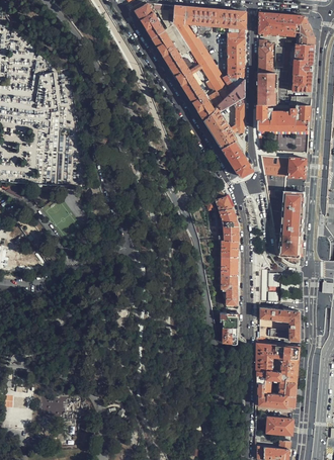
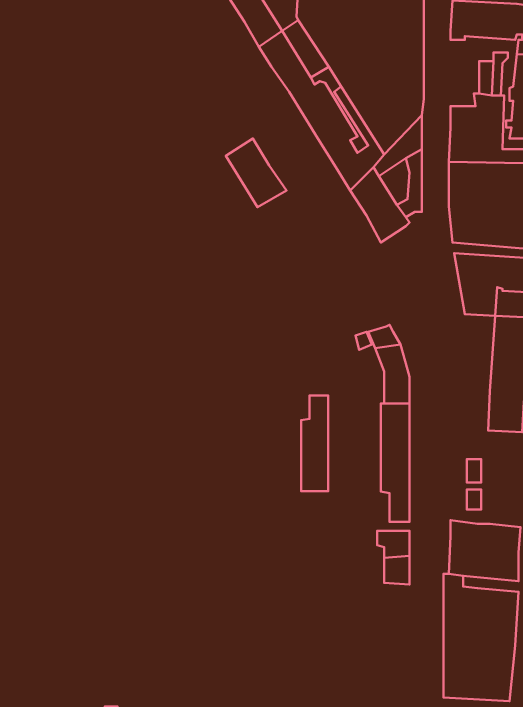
building: [260,39,274,73] -> none
building: none -> [226,139,286,207]
building: [221,141,252,177] -> none
building: none -> [301,396,328,491]

